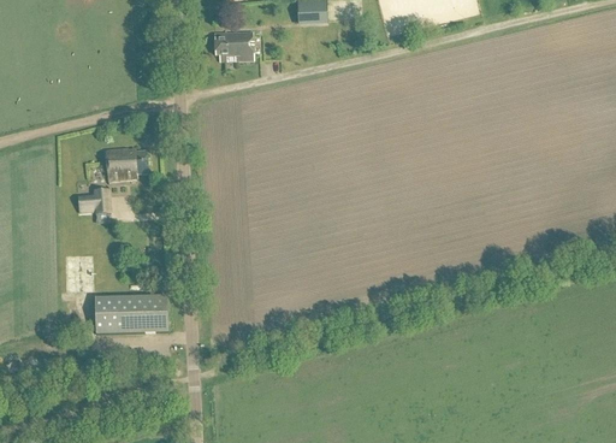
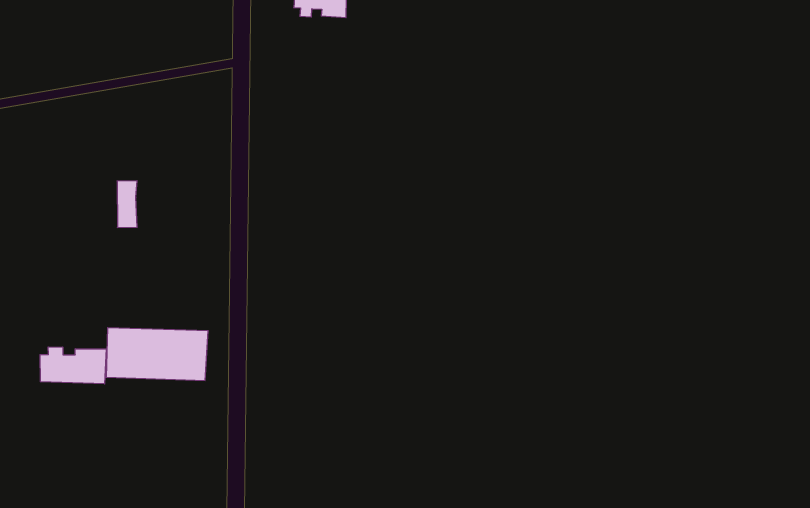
building: [105,147,148,178] -> none
building: none -> [40,347,106,384]

